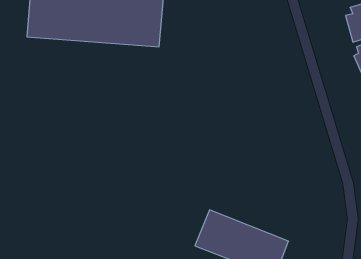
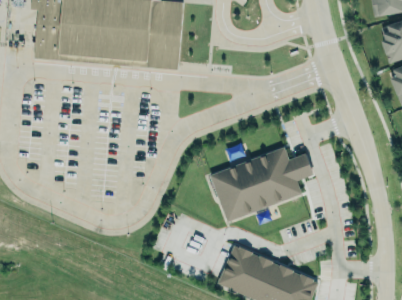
building: none -> [210,146,313,221]

